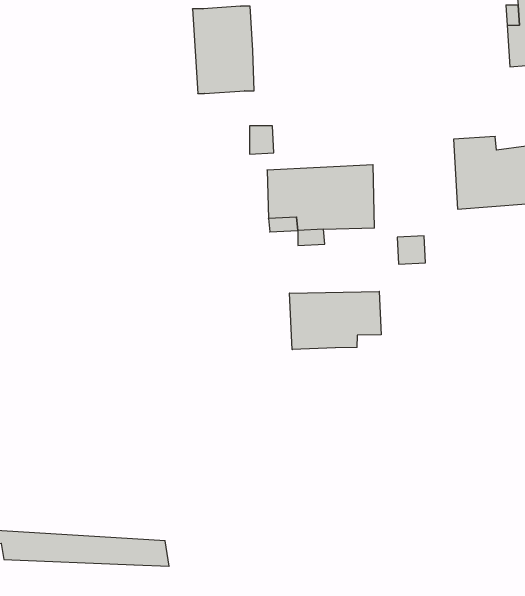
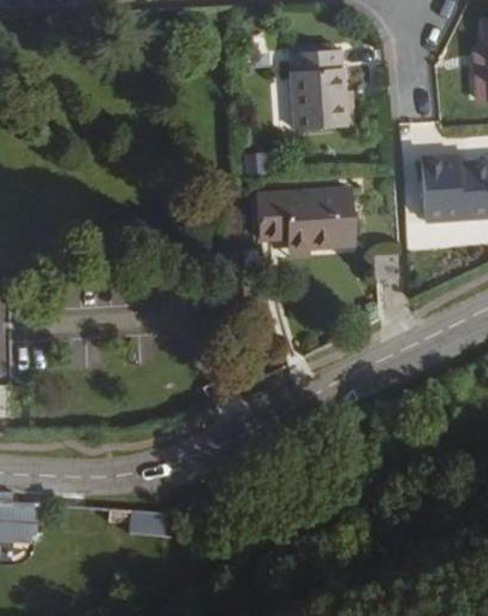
building: [192,6,254,93] -> [292,43,347,122]
building: [290,291,381,350] -> none

